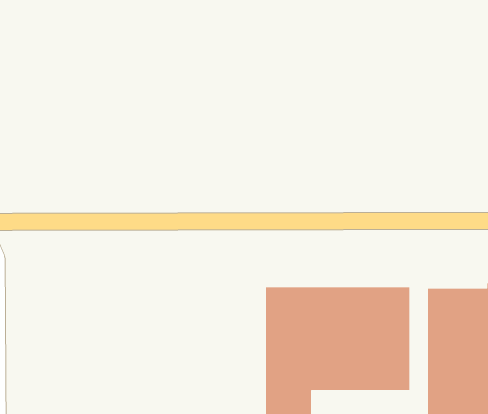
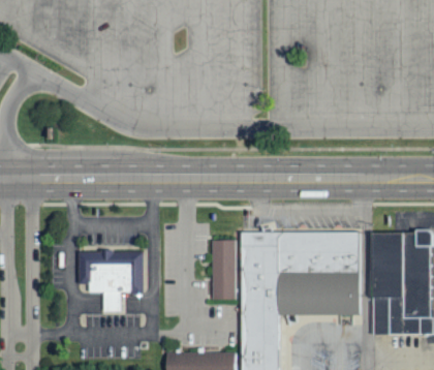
building: none -> [212,239,237,299]
building: none -> [80,250,144,309]

